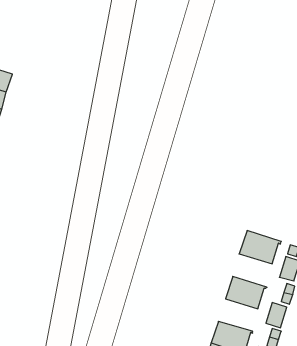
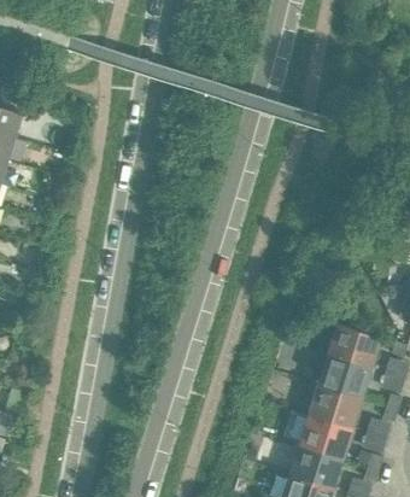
building: none -> [318,355,371,399]
building: none -> [299,415,352,458]

